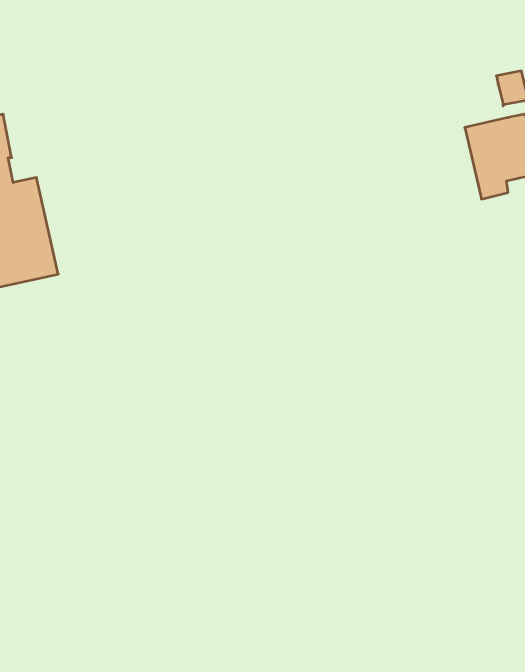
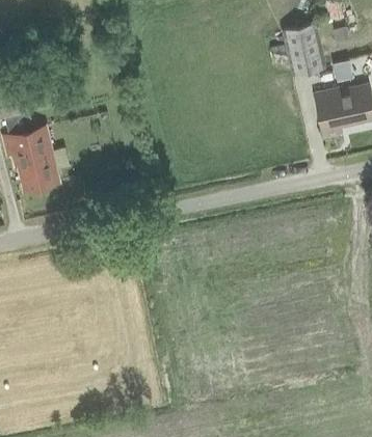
building: none -> [282,23,325,75]

